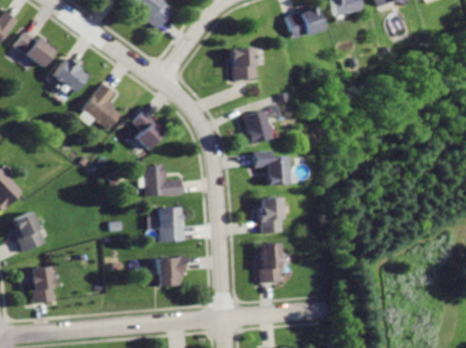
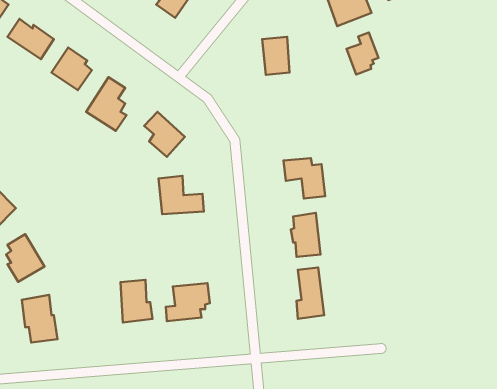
building: none -> [346,32,378,74]
building: [241,110,268,143] -> none
building: [157,207,184,243] -> [120,280,153,323]

